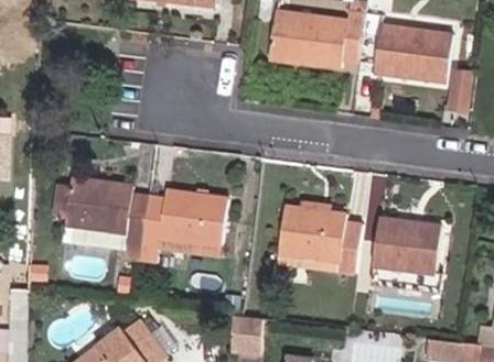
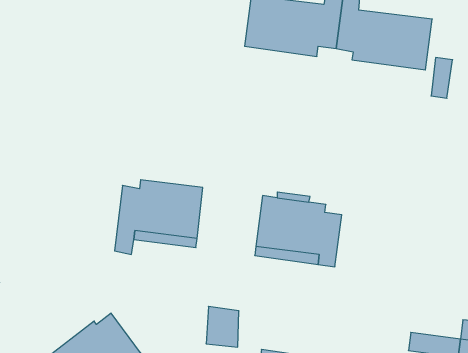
building: [53,176,149,259] -> none
building: [373,217,441,274] -> none

